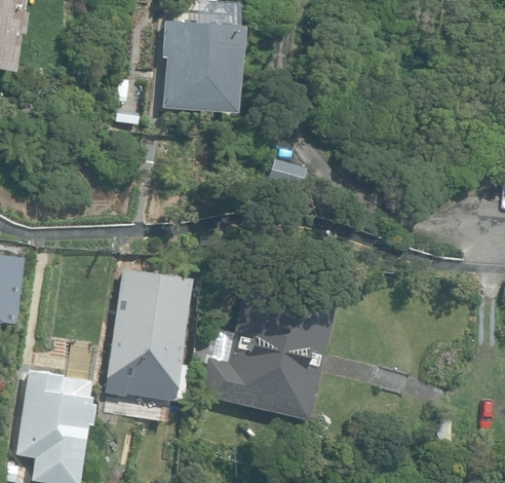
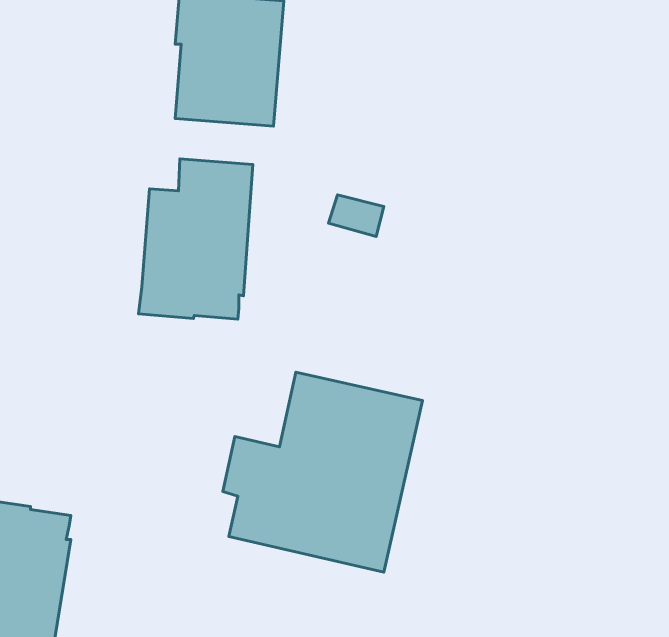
building: none -> [138,159,253,319]
building: [106,270,191,400] -> none

